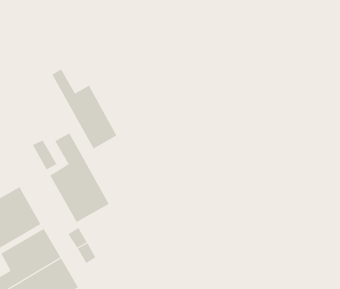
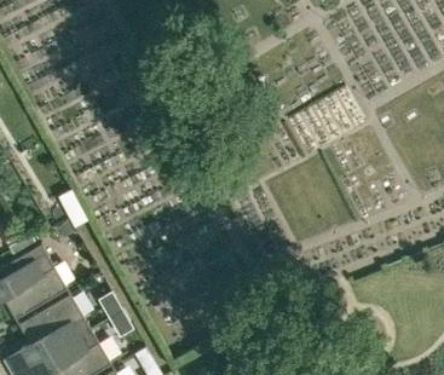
building: [51,69,117,149] -> none
building: [49,132,110,223] -> none

